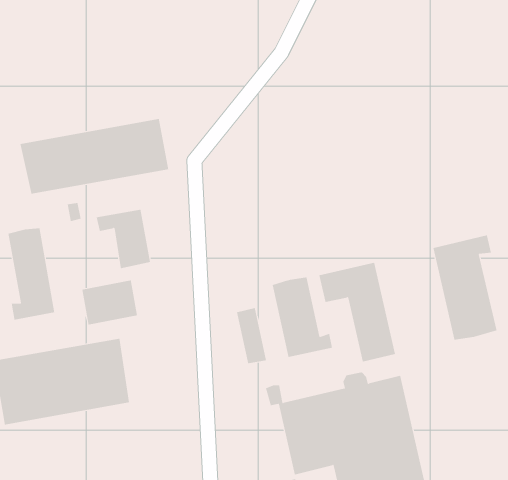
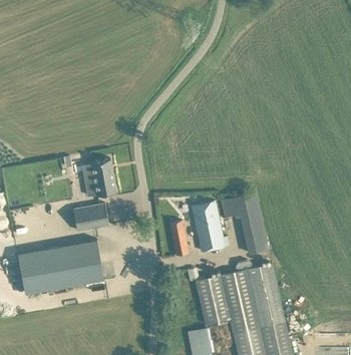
building: [20,118,169,195] -> none
building: [8,228,55,320] -> none
building: [433,235,497,341] -> none

